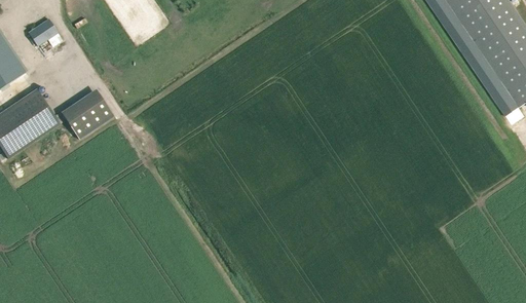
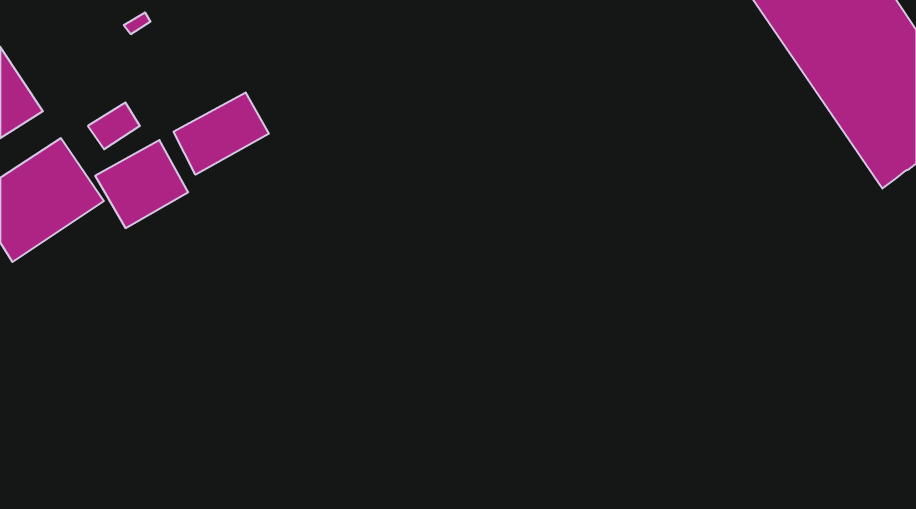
building: [28,18,58,45] -> [88,103,140,149]
building: none -> [174,92,269,175]

